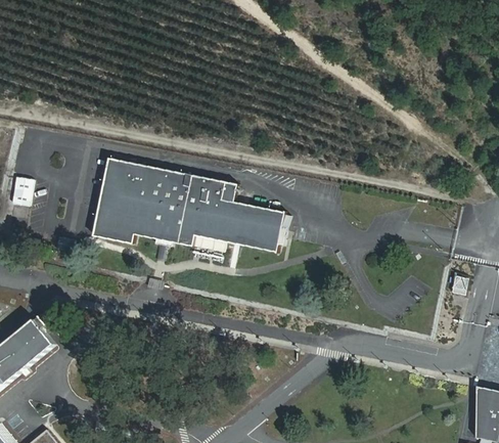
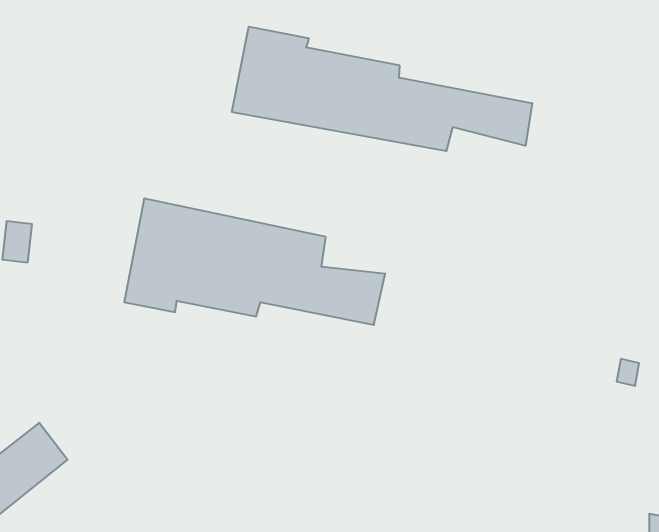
building: none -> [232,27,532,151]

